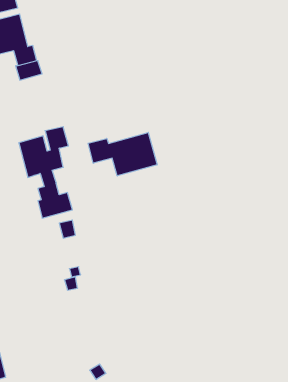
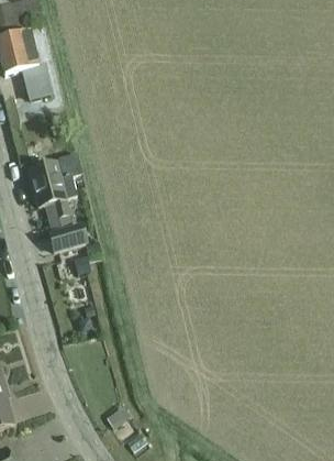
building: [88,132,157,176] -> none

